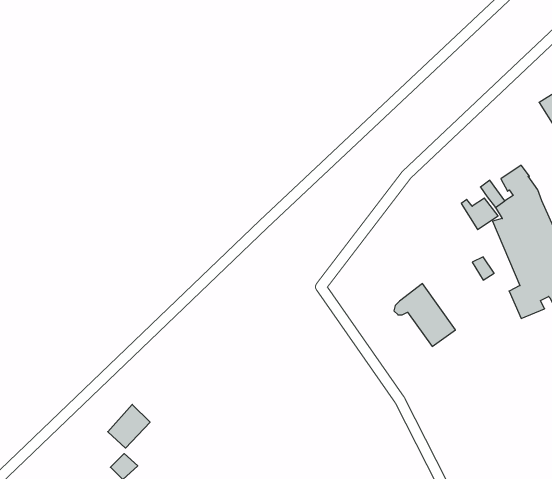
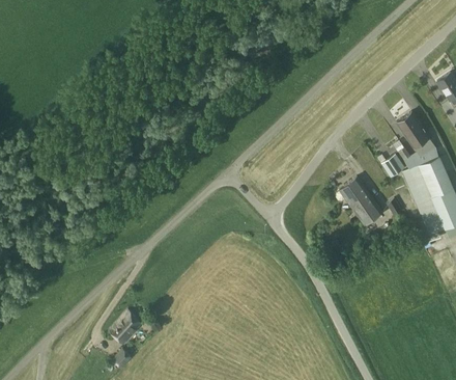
building: none -> [398,111,425,139]
building: [394,284,455,346] -> [337,177,383,224]

